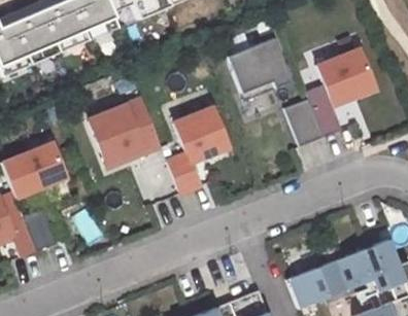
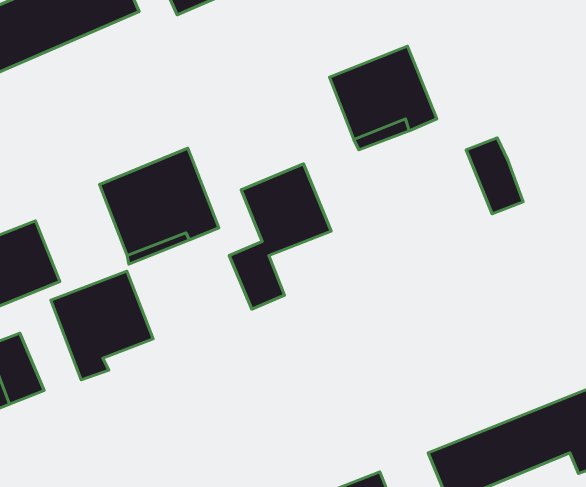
building: [317,47,376,105] -> none
building: [285,99,325,145] -> none
building: none -> [51,271,153,380]

